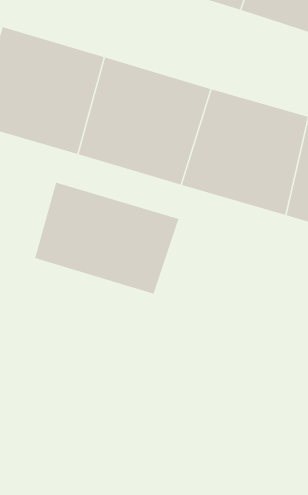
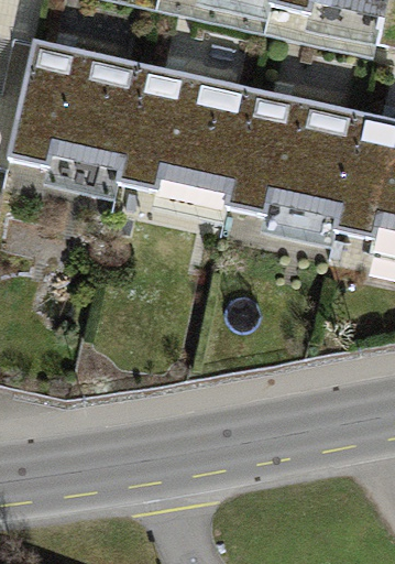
building: [34,182,179,294] -> none

